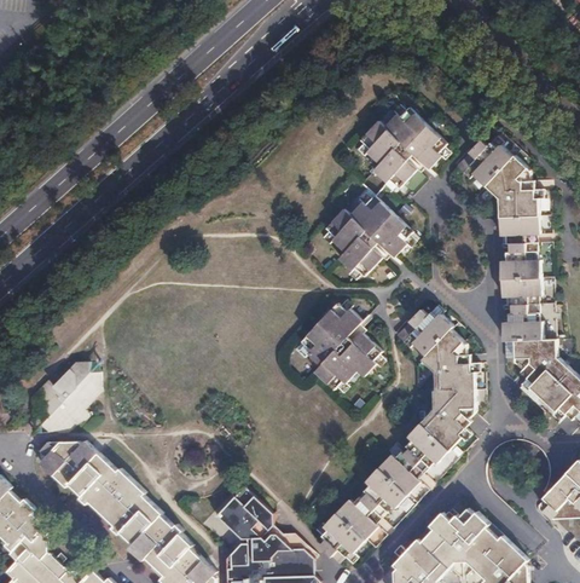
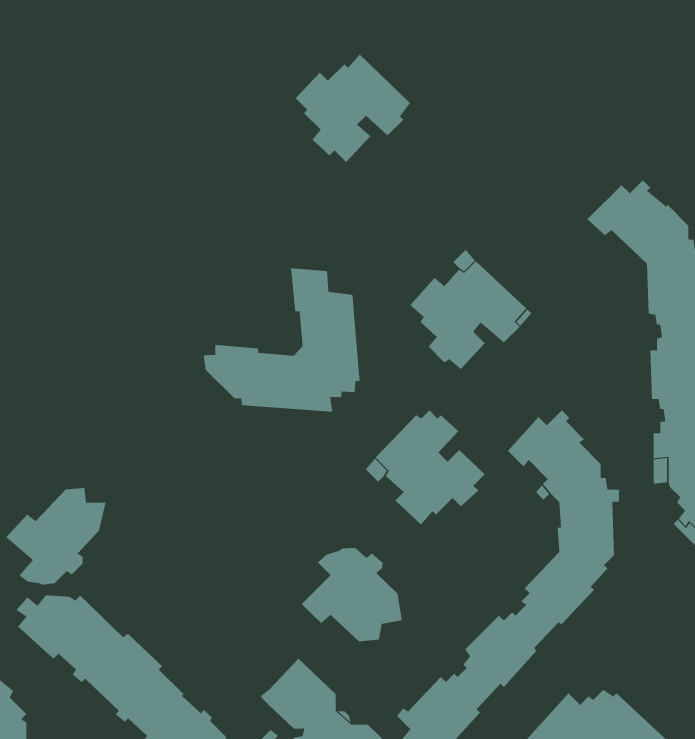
building: [360,108,445,187] -> [295,53,411,163]
building: none -> [203,267,360,413]
building: none -> [301,547,403,642]

